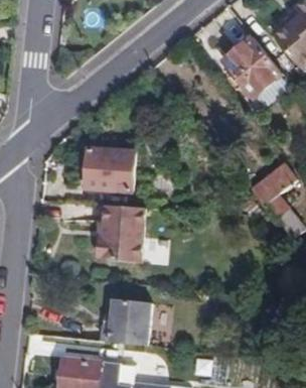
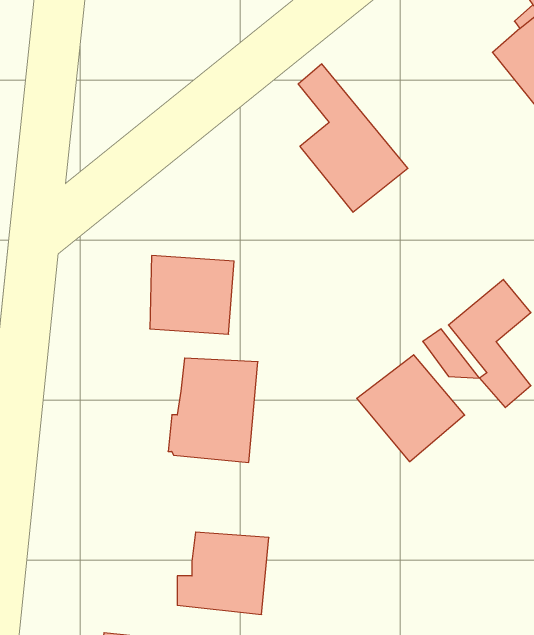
building: [220,16,281,98] -> [298,64,408,212]
building: none -> [357,355,465,462]

